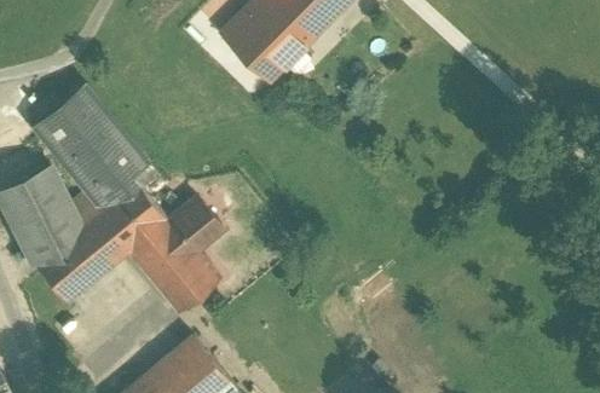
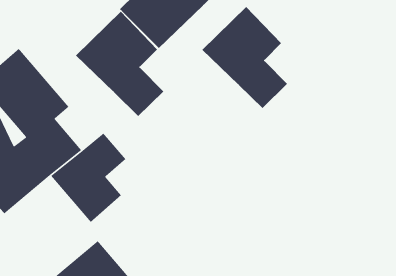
building: none -> [202,6,288,109]
building: none -> [75,11,164,117]

